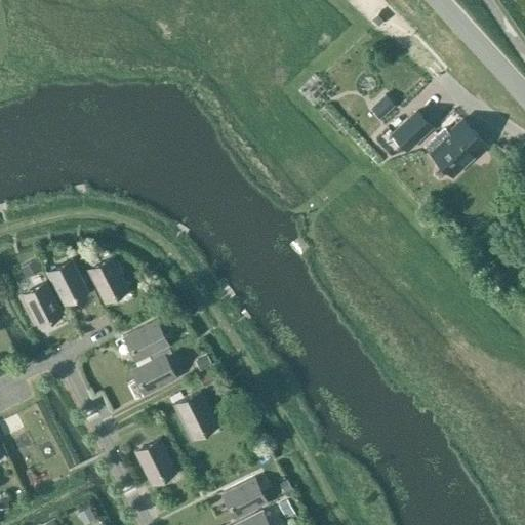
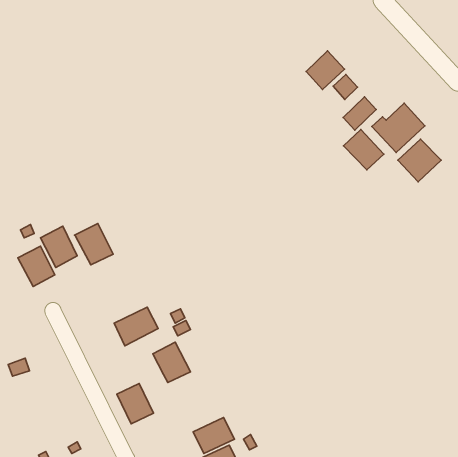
building: none -> [306,51,345,90]
building: none -> [343,129,384,170]
building: none -> [398,139,441,182]
building: [122,322,168,364] -> none

